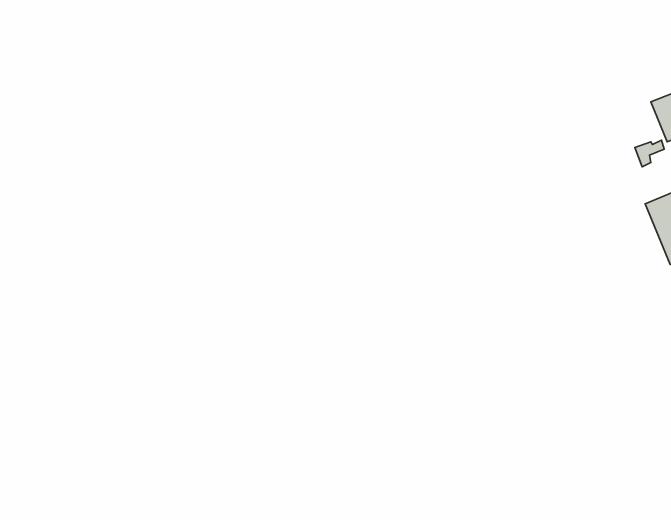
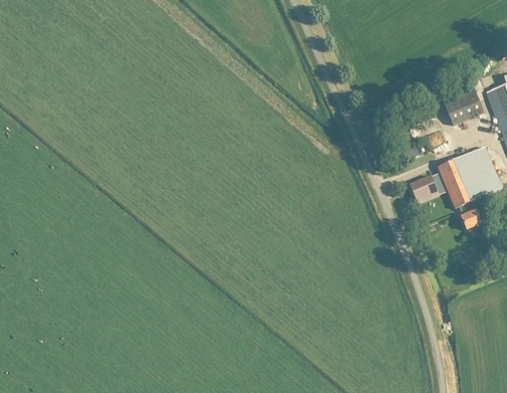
building: none -> [410,174,437,198]

